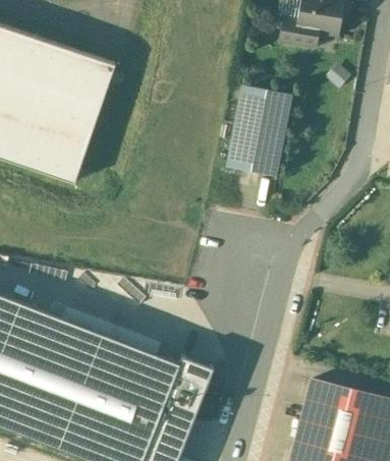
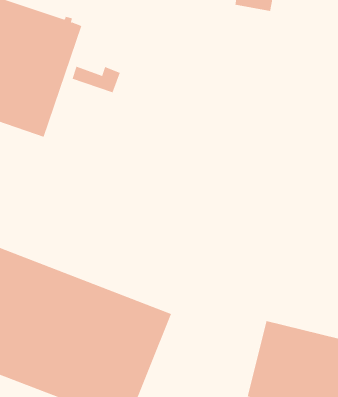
building: [226,83,291,175] -> none
building: none -> [72,66,121,93]

